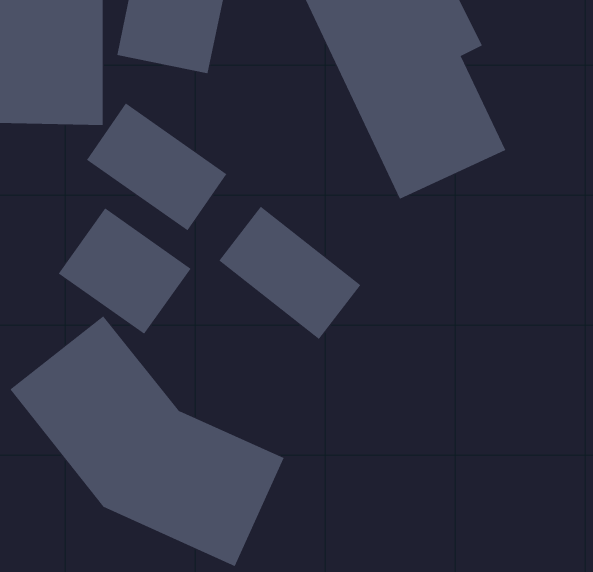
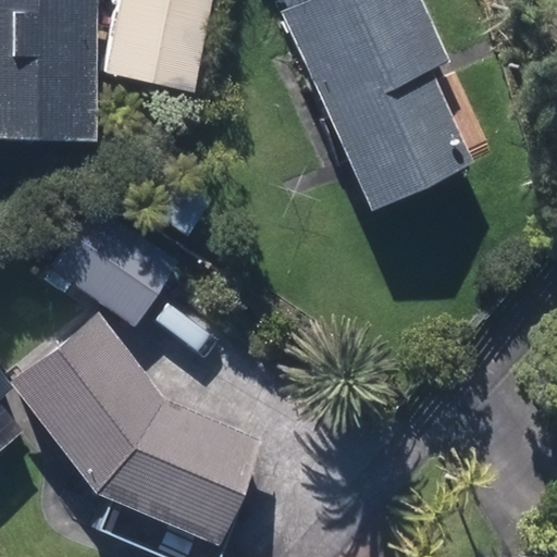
building: [86,103,227,231] -> none
building: [219,206,361,340] -> none

